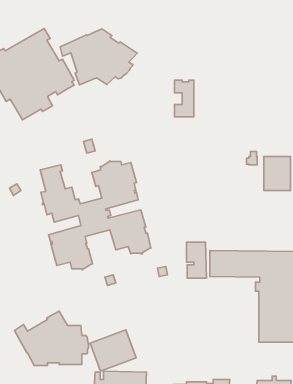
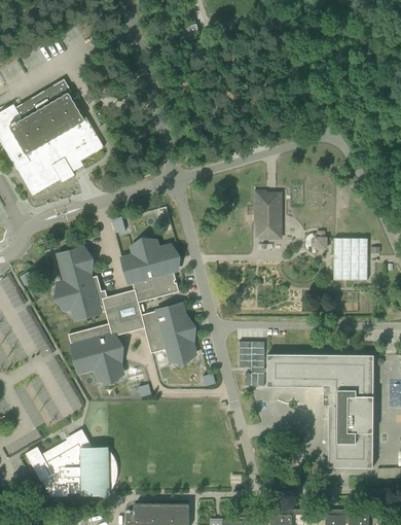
building: [60,29,137,85] -> none
building: [175,80,194,117] -> [257,192,281,238]
building: [90,330,136,371] -> none

